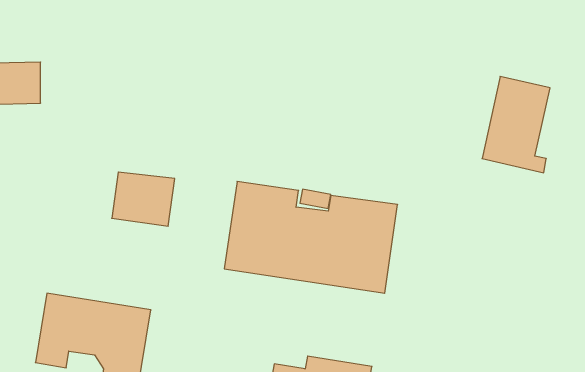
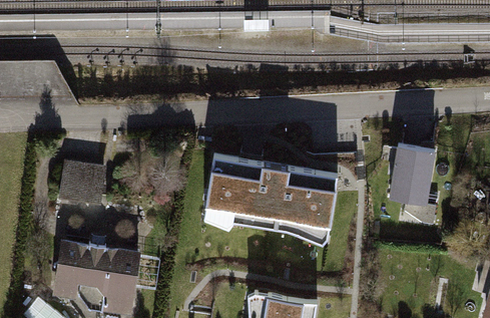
building: [482,76,550,173] -> [384,143,437,219]
building: [112,172,175,226] -> [58,162,107,204]

